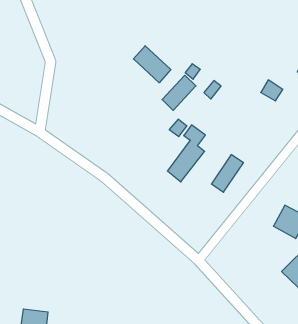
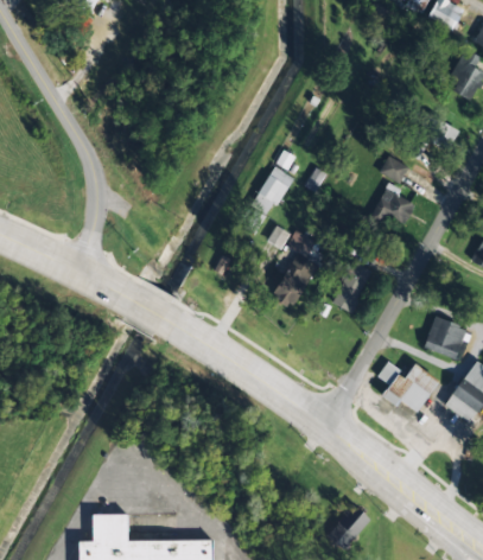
building: [133,46,171,83] -> none
building: none -> [369,184,415,225]
building: none -> [376,363,438,418]

